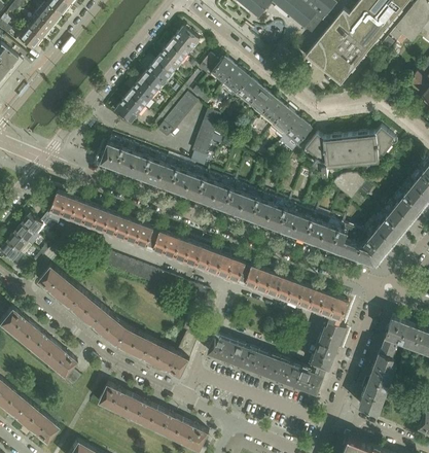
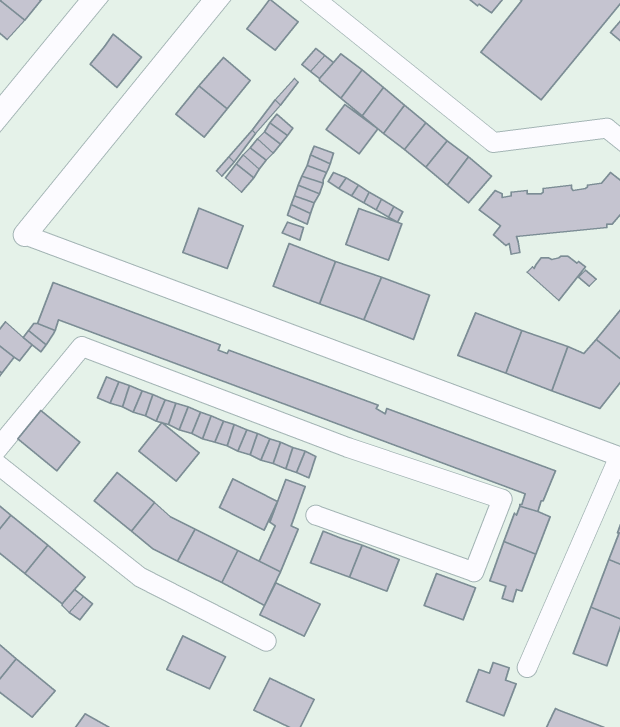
building: [156,44,186,74] -> none
building: none -> [326,105,378,154]
building: [115,94,145,125] -> [90,34,142,87]
building: [101,137,142,174] -> none
building: none -> [346,208,402,260]
building: [158,159,194,194] -> none
building: [266,199,302,234] -> none
building: [60,284,95,318] -> [139,423,199,481]
building: none -> [219,479,278,530]
building: [251,352,280,379] -> none
building: [295,364,324,395] -> [467,663,516,716]
building: [98,384,133,416] -> none
building: [148,409,183,440] -> [260,583,320,636]

